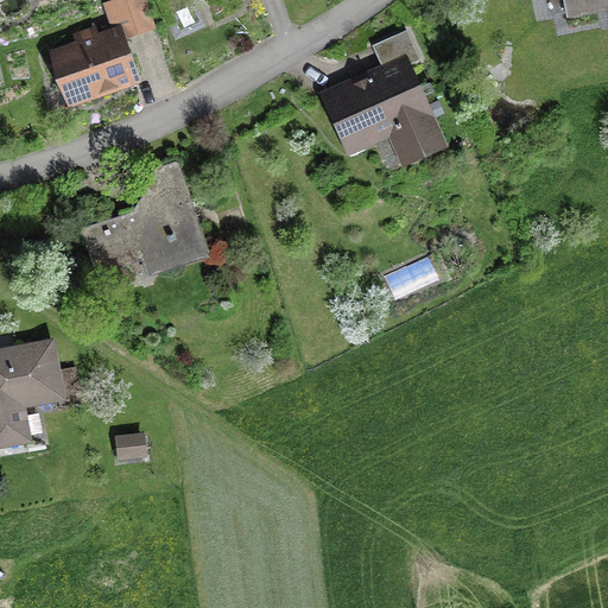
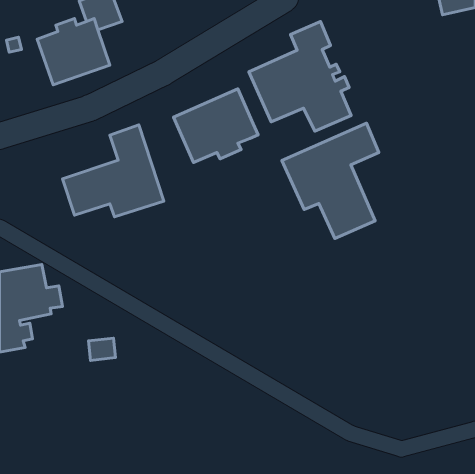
building: none -> [174,89,258,162]
building: none -> [282,123,379,238]

